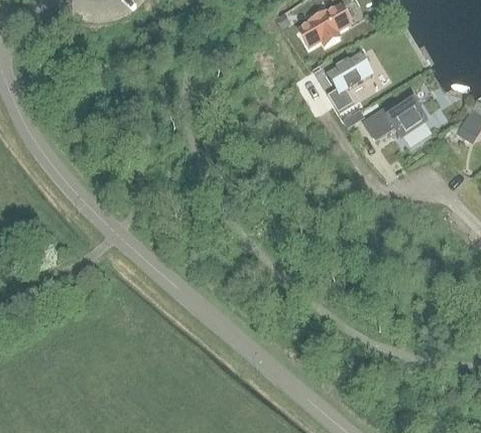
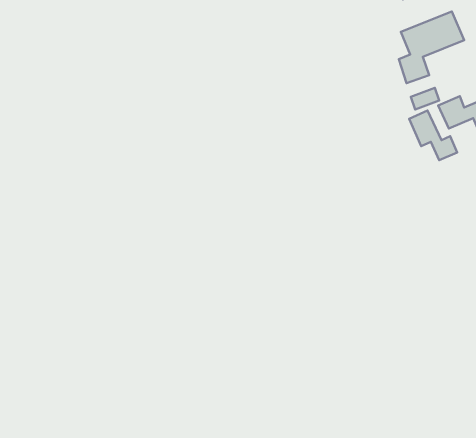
building: none -> [409,110,457,160]

